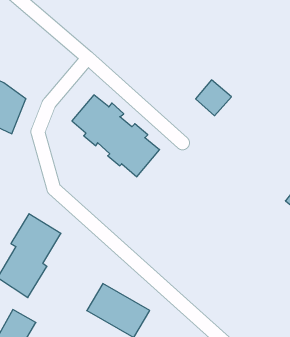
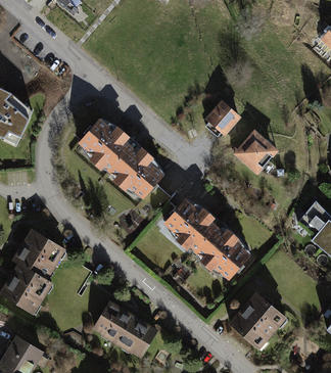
building: none -> [231,127,277,173]
building: none -> [162,193,253,278]
building: none -> [227,295,286,355]

